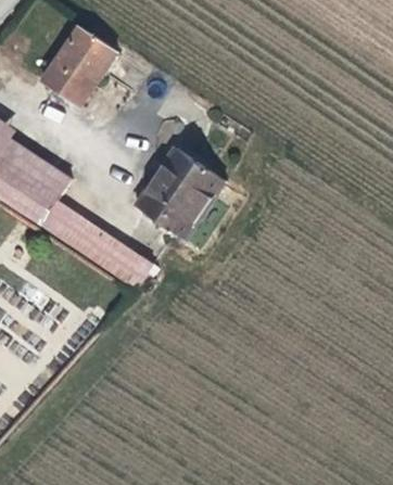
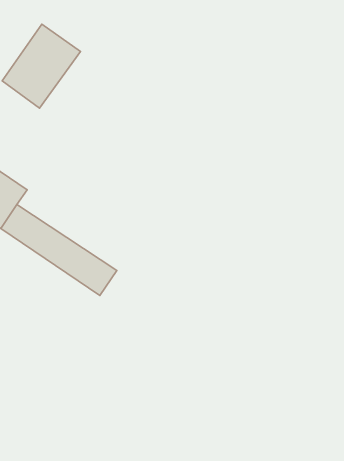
building: [134,145,223,235] -> none

